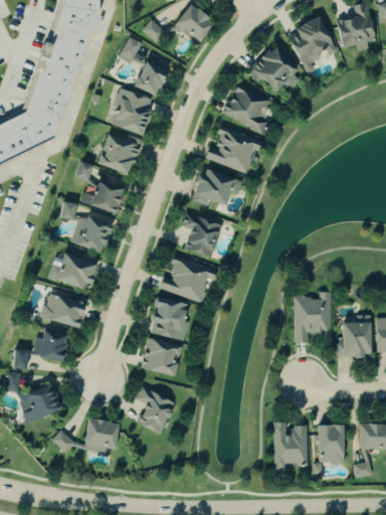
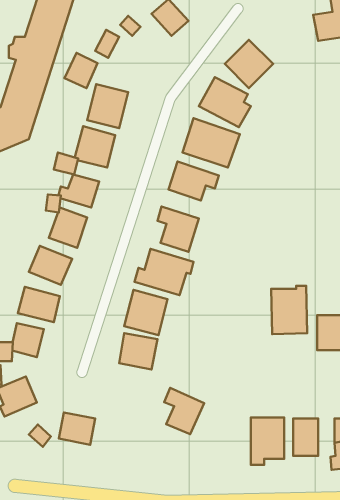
building: [286,16,337,68] -> none
building: [133,60,166,96] -> [64,53,98,88]
building: [135,386,175,433] -> [164,388,204,434]

